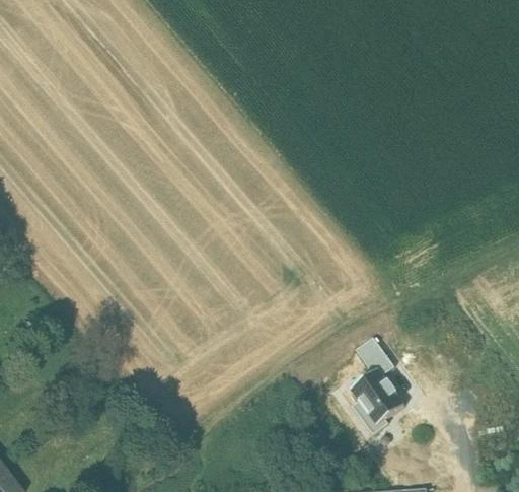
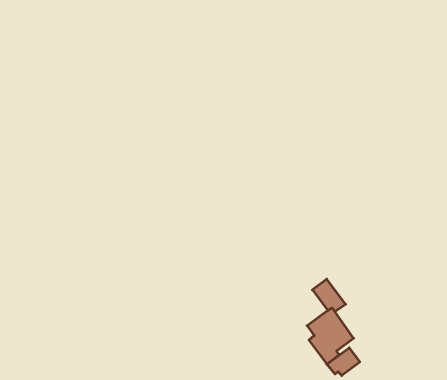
building: none -> [327,348,360,376]

